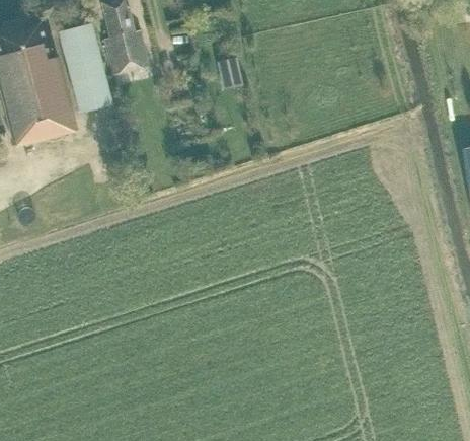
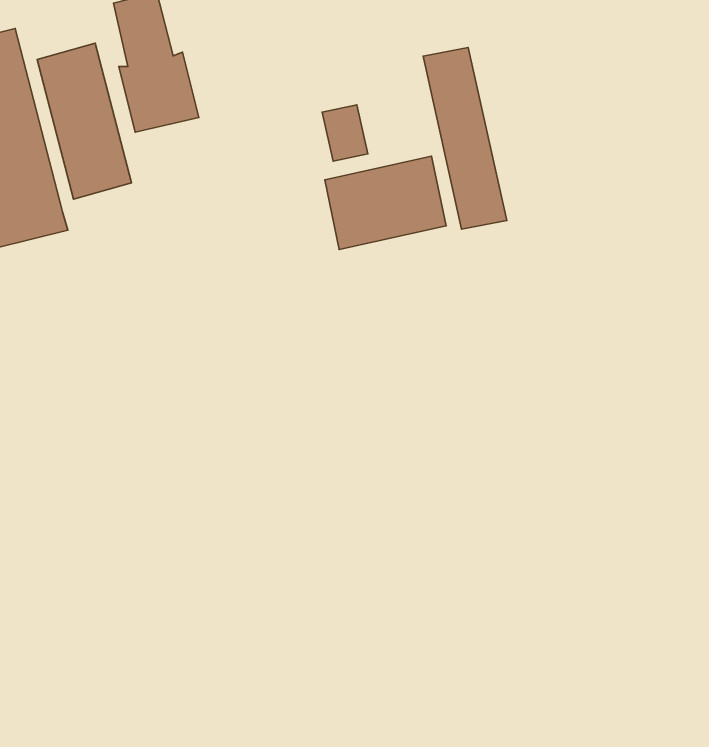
building: none -> [423,48,507,229]
building: none -> [325,156,446,250]

